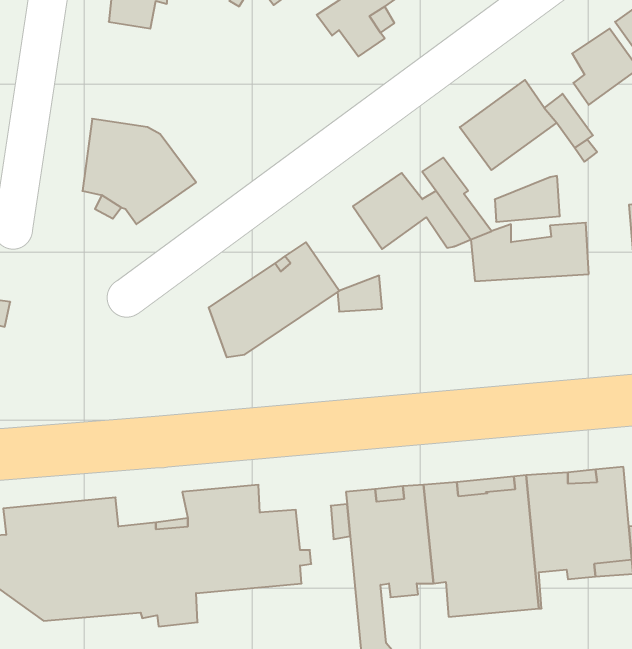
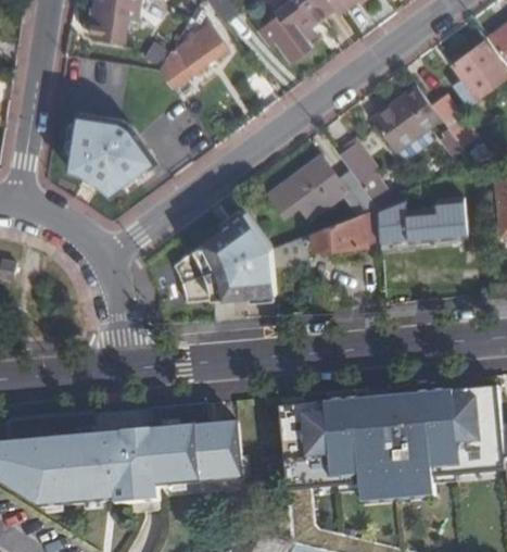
building: none -> [157,27,224,87]
building: [495,176,560,222] -> [314,214,365,250]
building: none -> [199,250,275,299]

